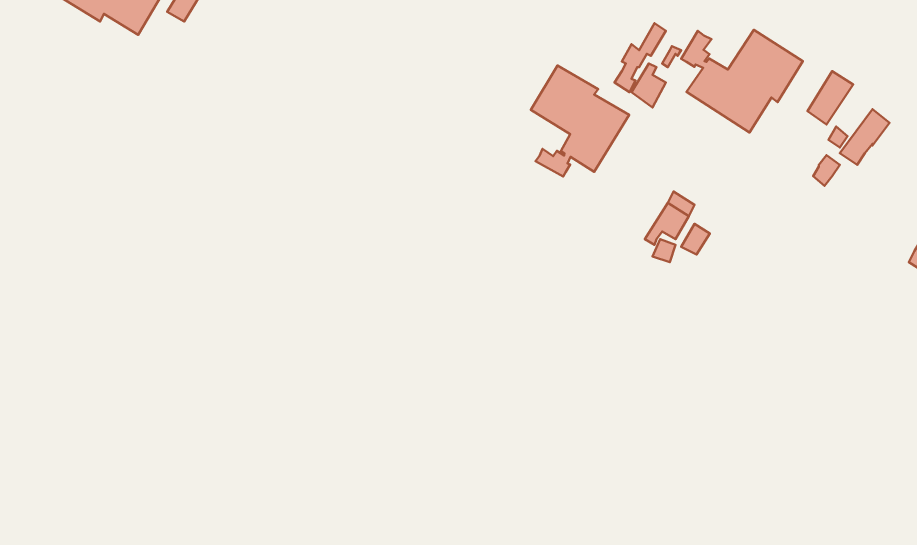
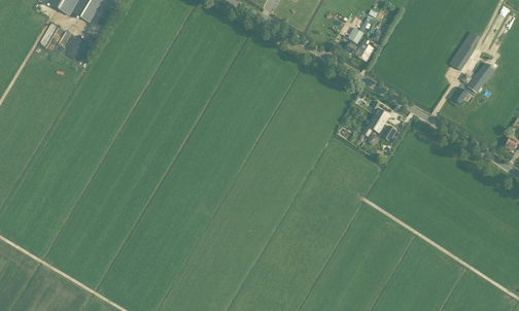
building: [681,30,803,133] -> none
building: [531,65,629,177] -> none

